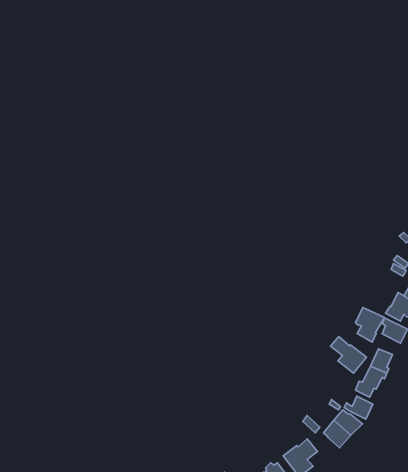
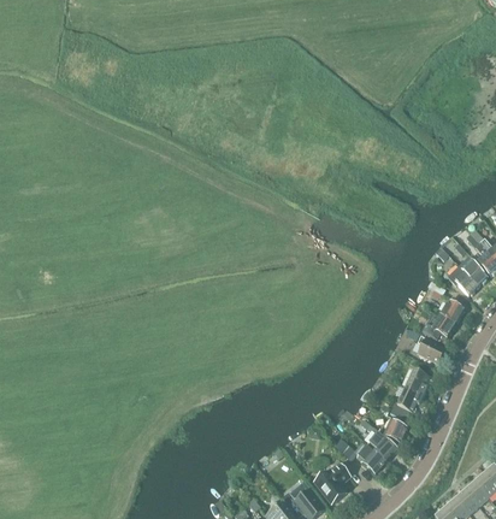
building: [355,307,384,342] -> none
building: [331,337,366,373] -> none

